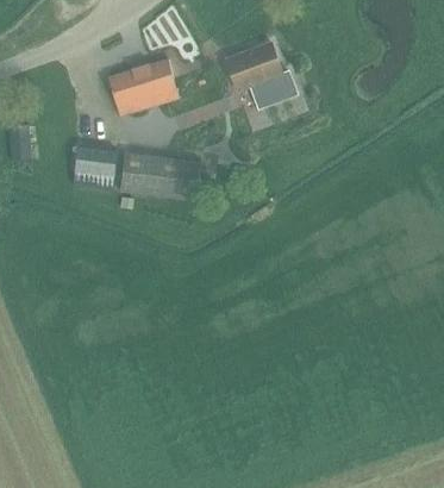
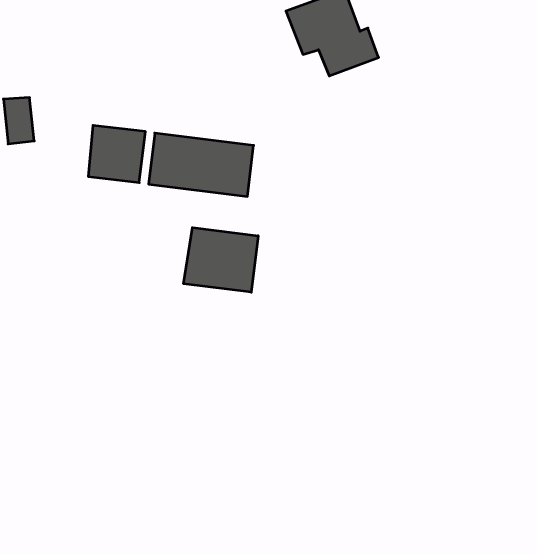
building: [107,58,177,117] -> none
building: none -> [184,228,258,292]

